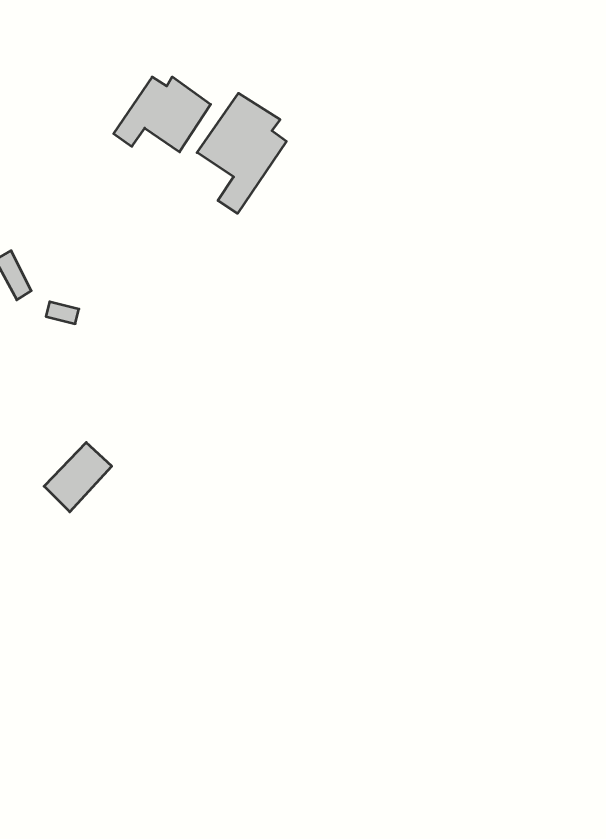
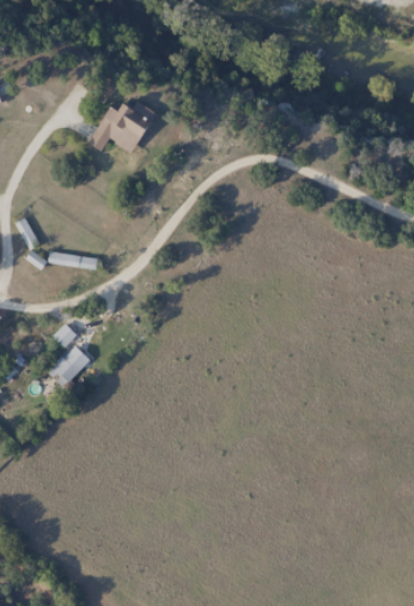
building: [197,93,286,213] -> none

